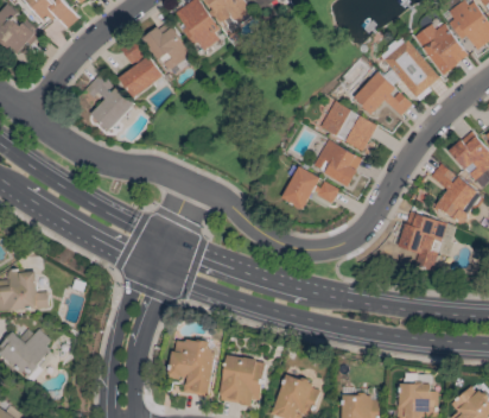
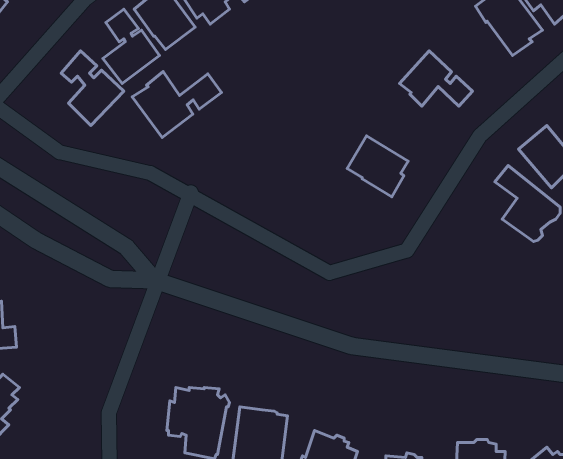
building: [380,37,439,97] -> none
building: none -> [132,72,222,137]
building: [319,100,376,151] -> none
building: [280,165,338,210] -> none
building: [398,211,446,271] -> none

